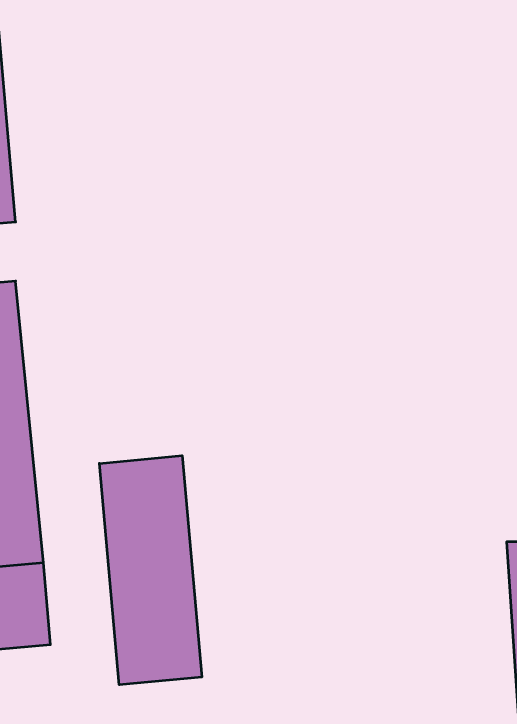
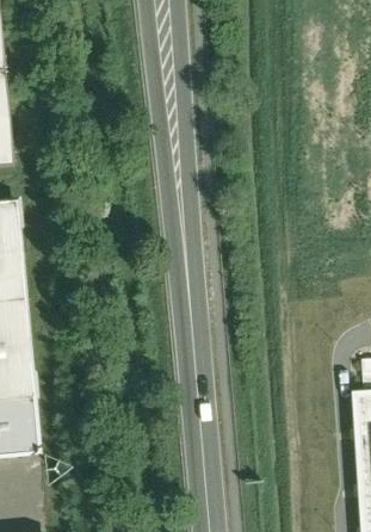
building: [99,456,202,685] -> none

